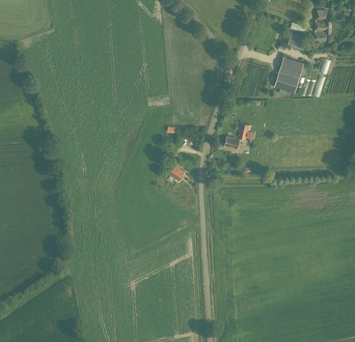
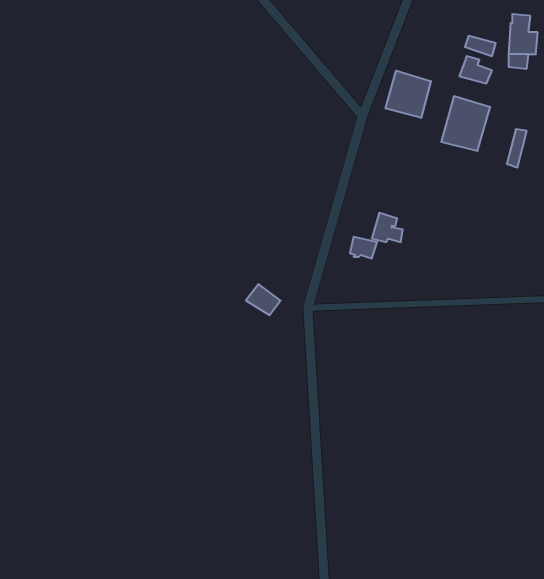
building: none -> [386,71,431,118]

